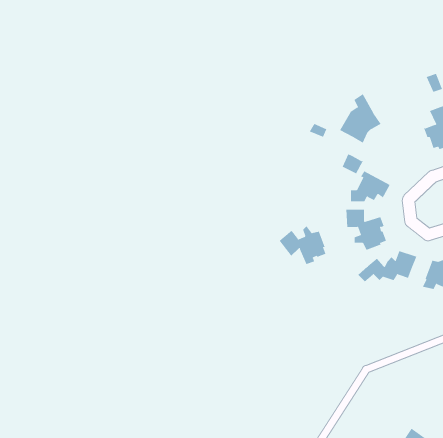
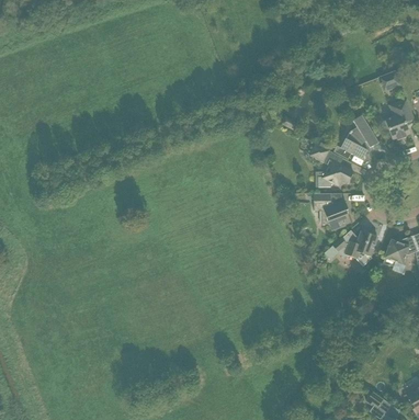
building: [339,94,382,143] -> [340,114,378,159]
building: [279,226,326,265] -> none

